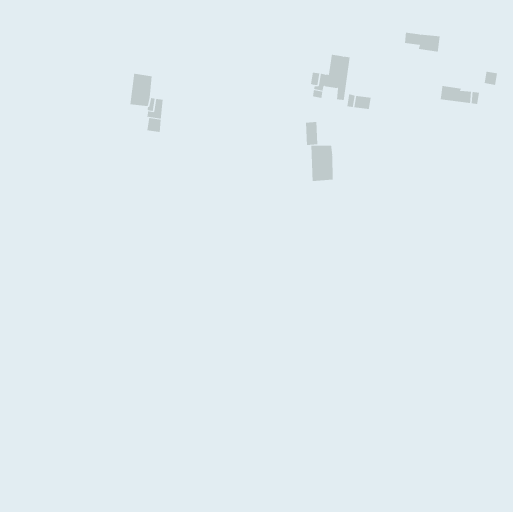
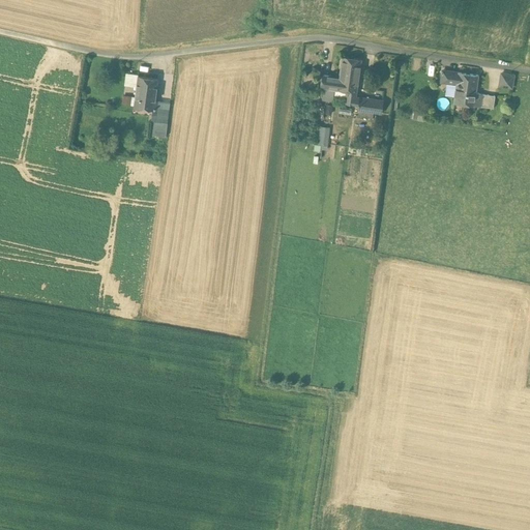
building: [404,32,440,52] -> [441,71,478,92]
building: [311,145,333,182] -> none

